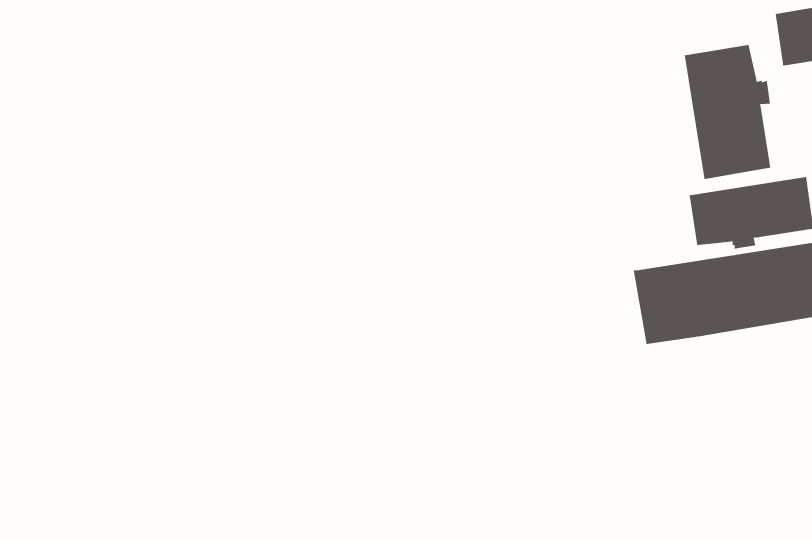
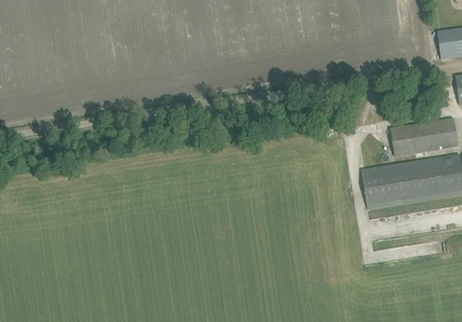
building: [684,44,771,180] -> none

